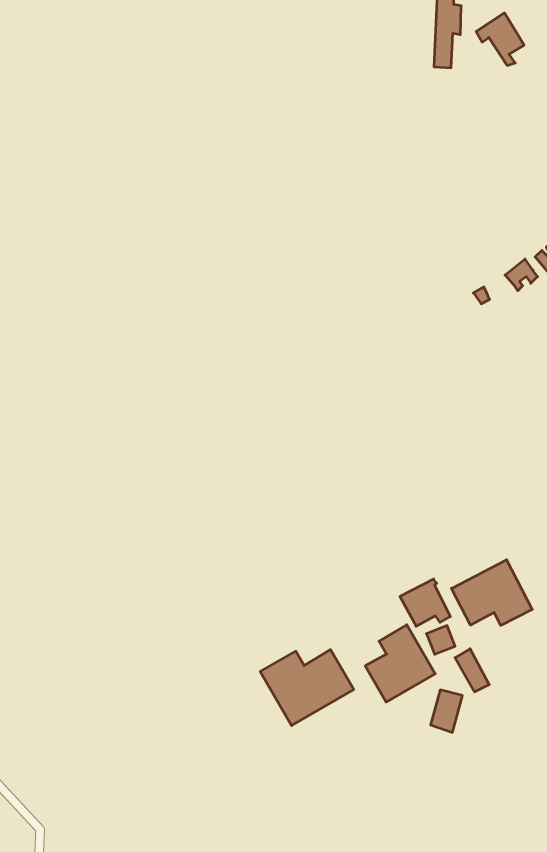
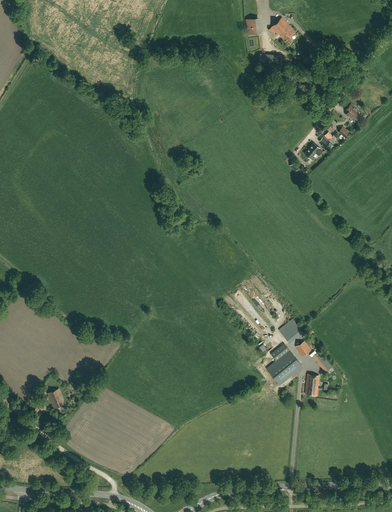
building: [451,560,532,625] -> none
building: [260,650,354,726] -> none

